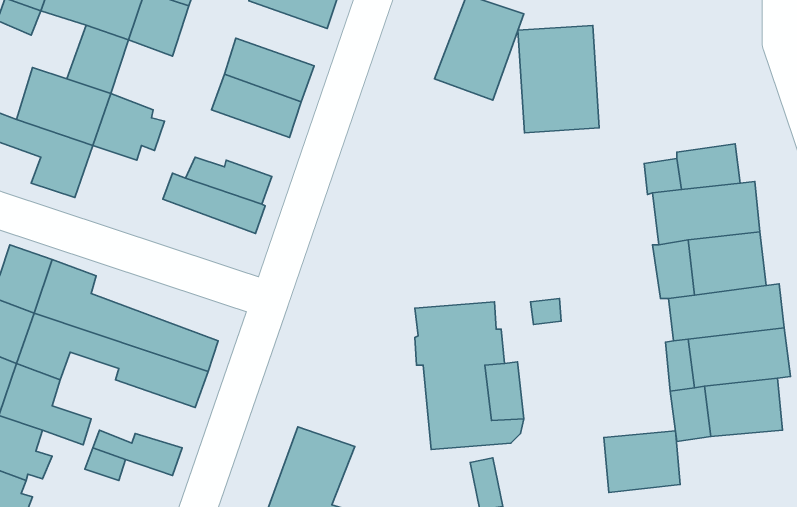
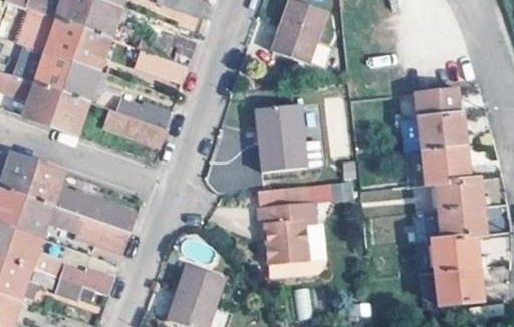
building: [518,25,599,133] -> [254,108,304,175]
building: none -> [71,26,109,69]
building: none -> [49,91,87,133]
building: [604,431,680,493] -> [442,267,489,305]

